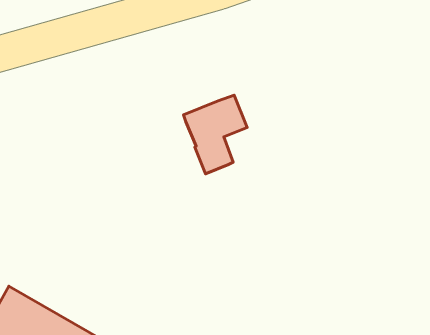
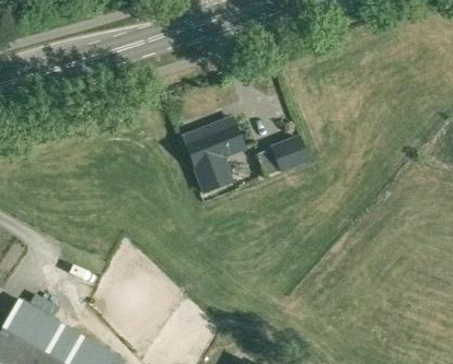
building: none -> [272,137,309,169]

